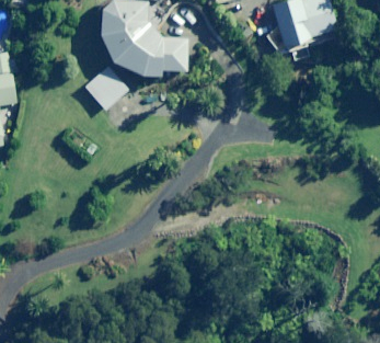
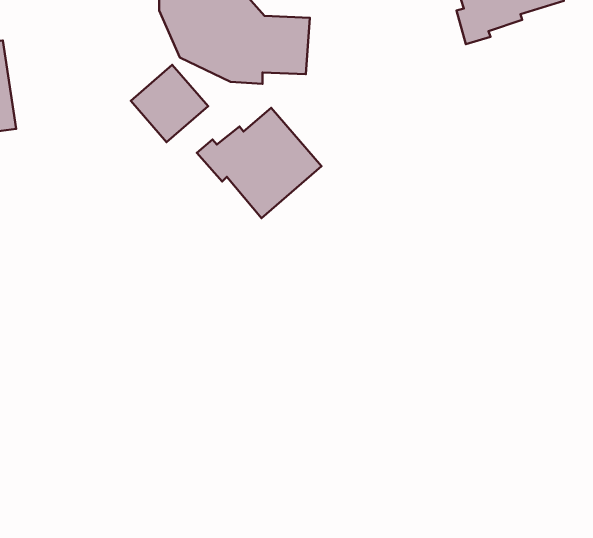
building: none -> [197,108,321,218]

